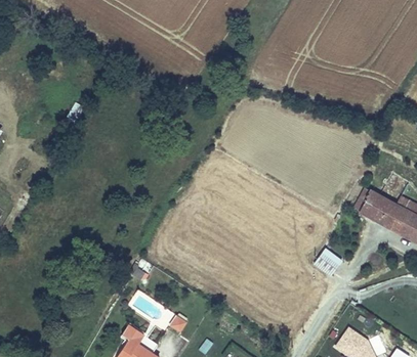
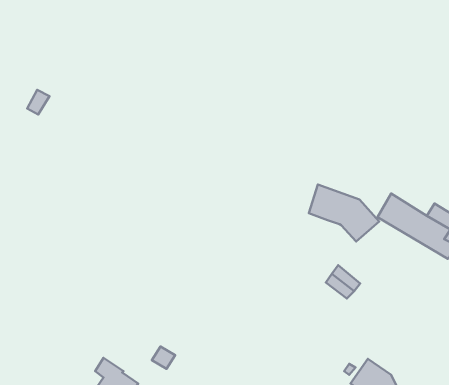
building: none -> [309,185,379,241]

